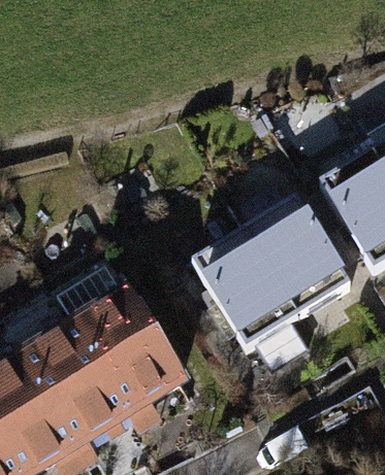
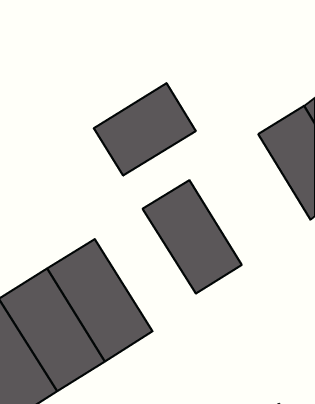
building: none -> [94,83,196,176]
building: [237,186,349,314] -> none

